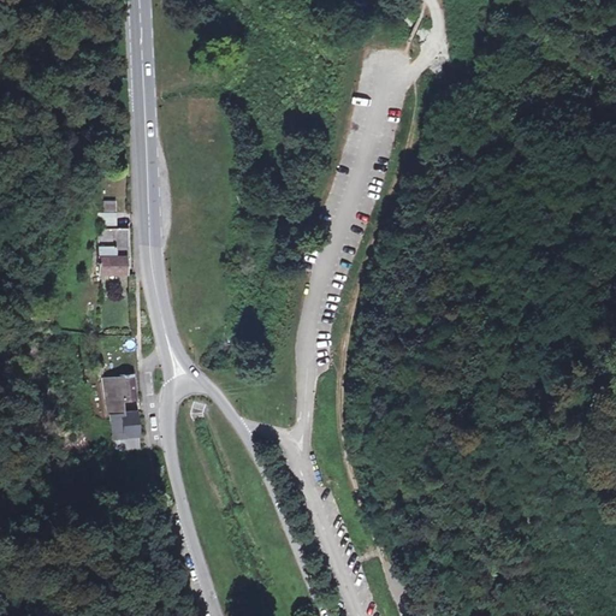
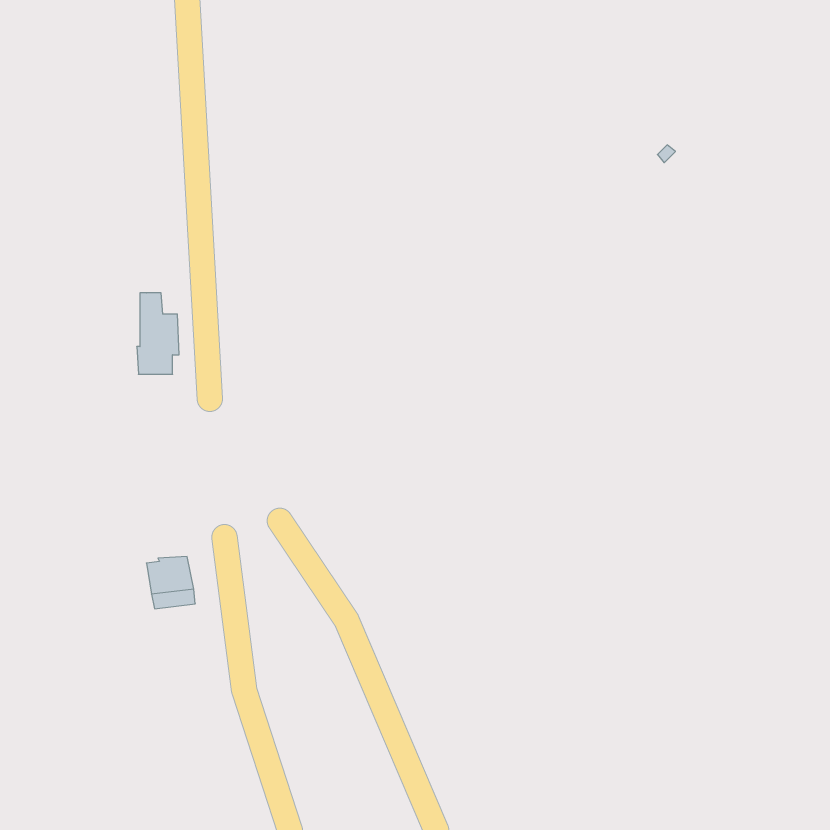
building: [102,371,135,416] -> none

